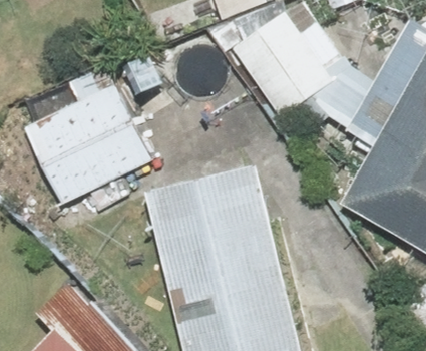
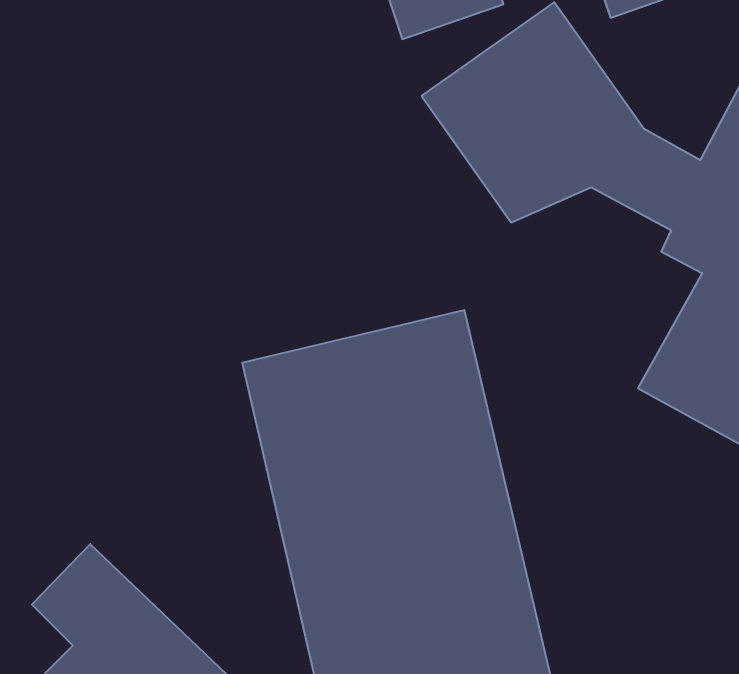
building: [21,77,151,207] -> none

